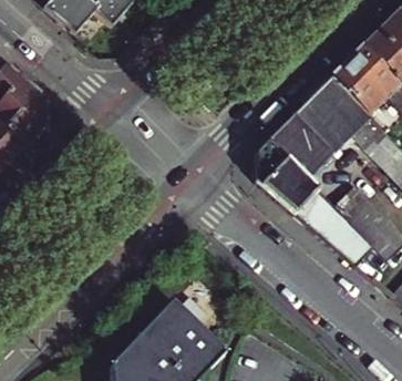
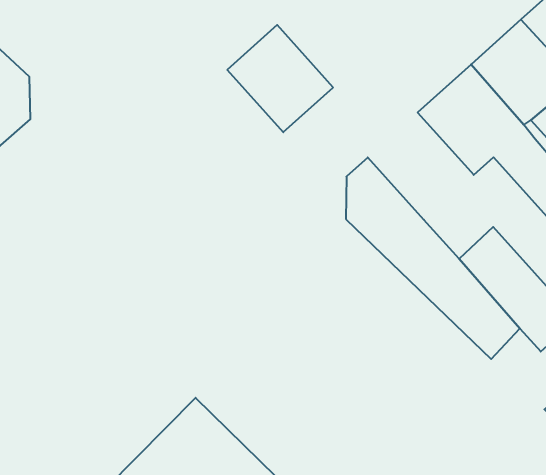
building: [269,106,339,176] -> [227,25,333,132]

